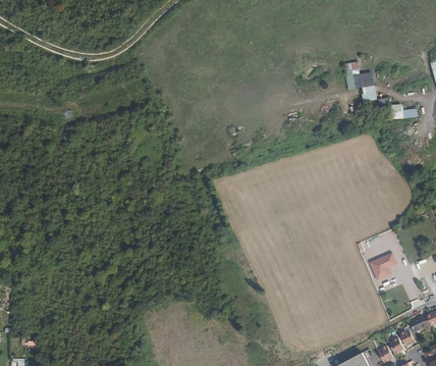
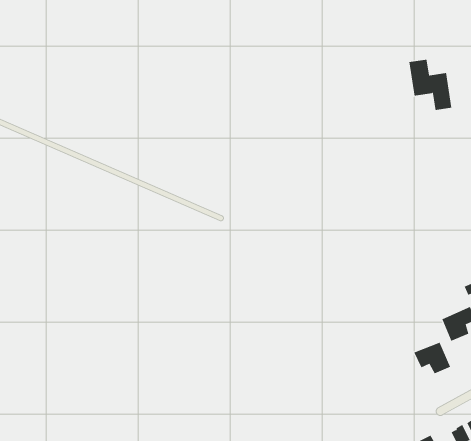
building: none -> [414,342,451,374]

